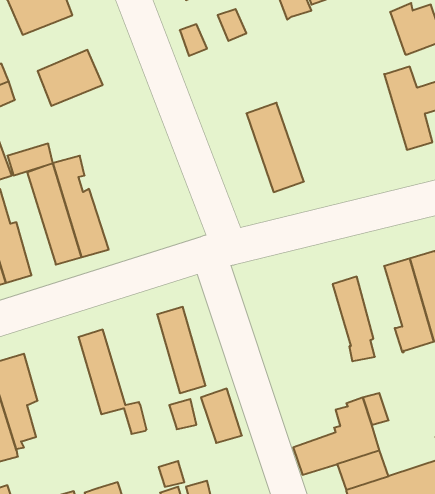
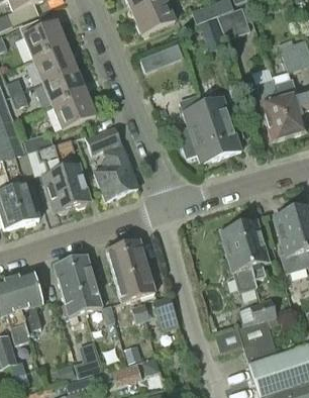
building: none -> [32,45,76,83]
building: none -> [253,70,289,141]
building: none -> [52,92,95,129]
building: none -> [202,97,241,157]
building: none -> [85,125,138,201]
building: none -> [221,225,255,292]
building: none -> [105,245,137,303]
building: none -> [53,261,85,317]

